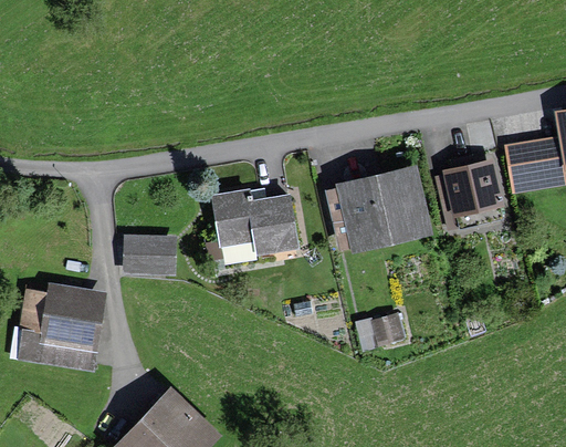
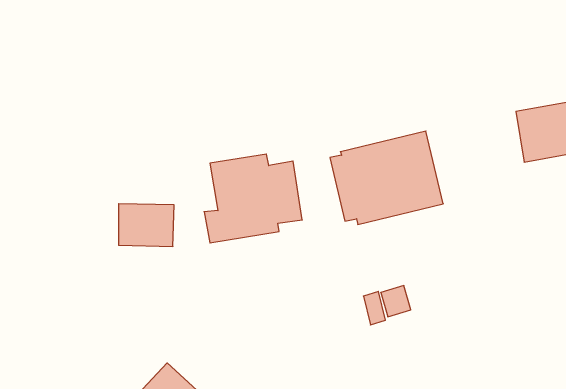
building: [439,154,505,230] -> none
building: [18,282,106,371] -> none

